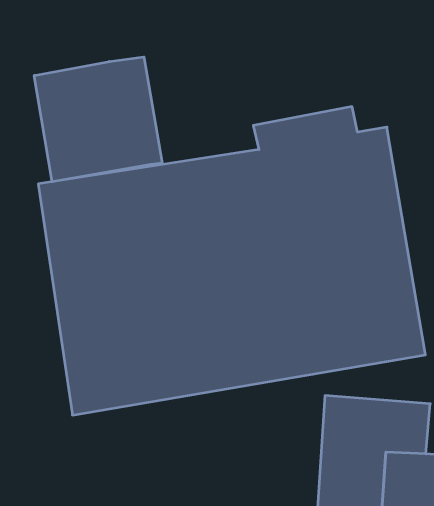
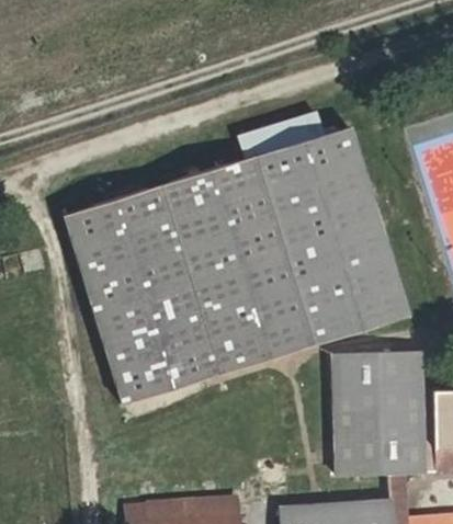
building: [34,57,162,182] -> none

